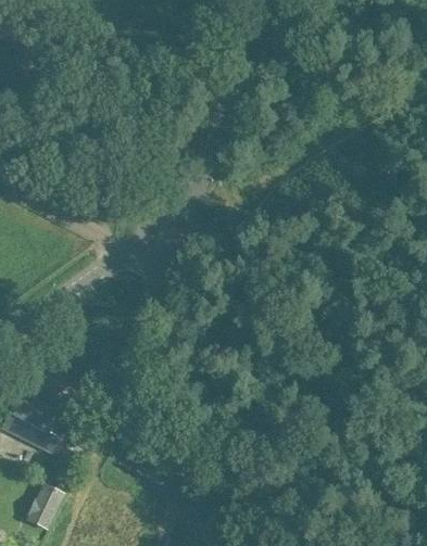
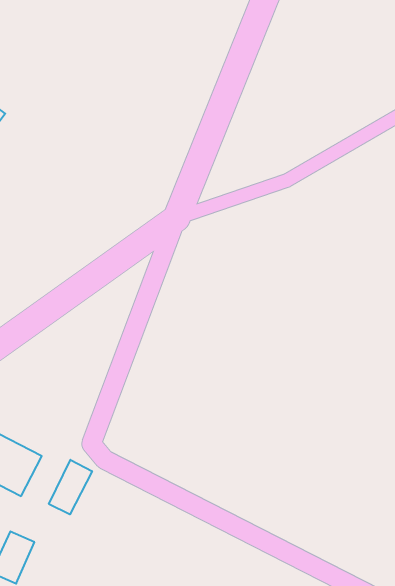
building: none -> [49,460,92,514]

